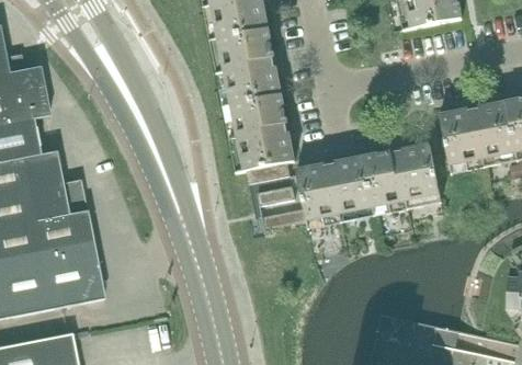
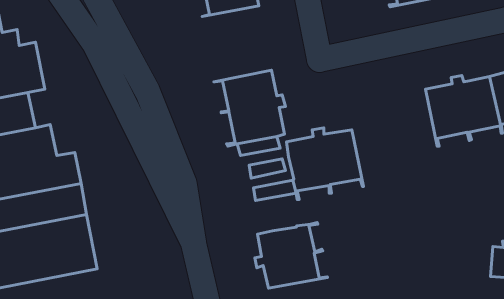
building: [209,28,282,106] -> none
building: [363,141,441,214] -> none
building: none -> [255,223,328,288]

